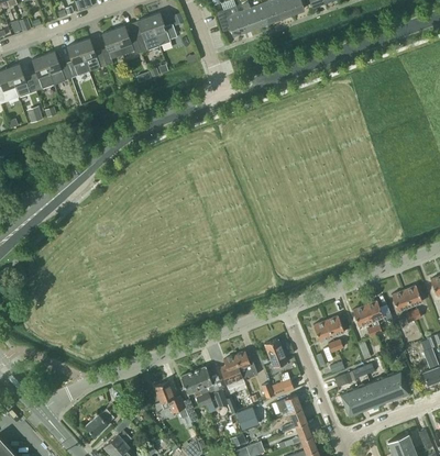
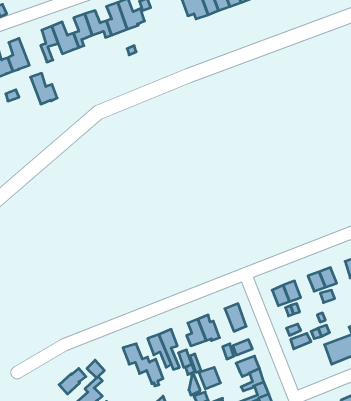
building: [43,51,72,84] -> [30,73,57,104]
building: [340,382,377,414] -> none

